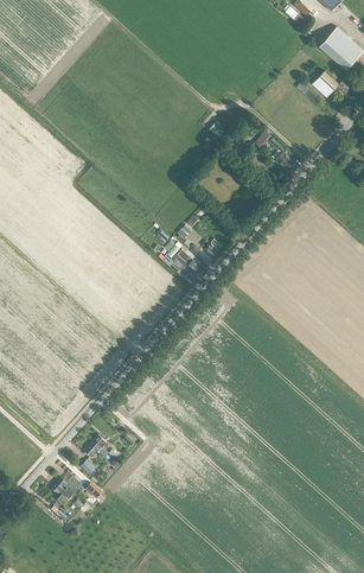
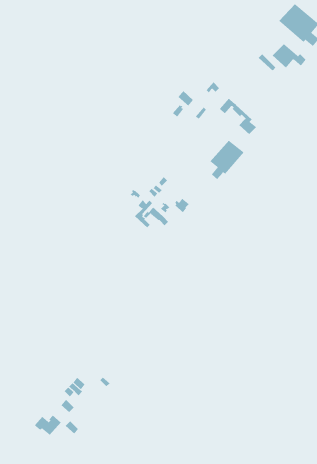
building: none -> [210,140,244,180]

